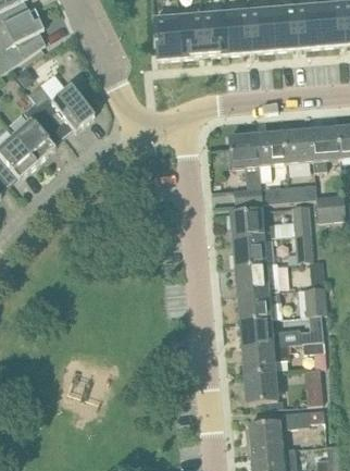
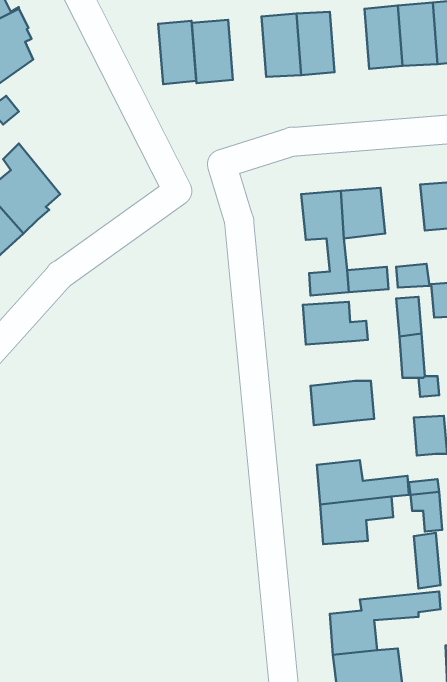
building: [248,8,275,51] -> none
building: [178,13,204,57] -> [158,21,196,84]
building: [35,84,95,135] -> none
building: [283,128,313,162] -> none
building: [232,236,265,267] -> none
building: [237,290,268,321] -> none
building: [243,373,283,408] -> none

